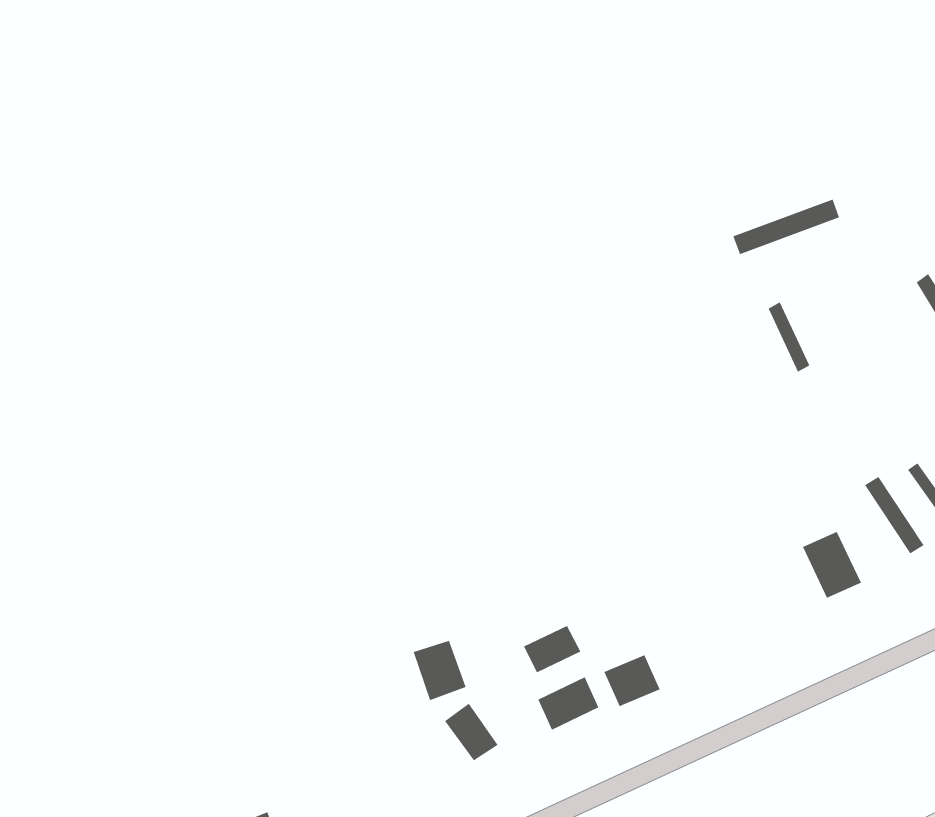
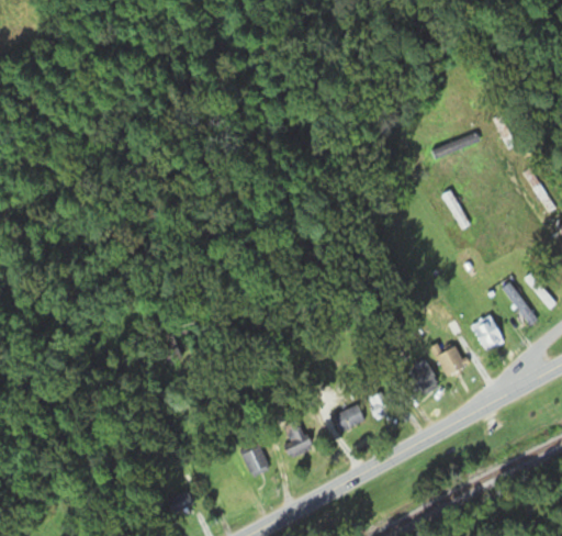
building: none -> [434,342,468,377]
building: none -> [406,359,440,398]
building: [523,625,581,673] -> none
building: [413,640,466,701] -> [240,443,271,477]

